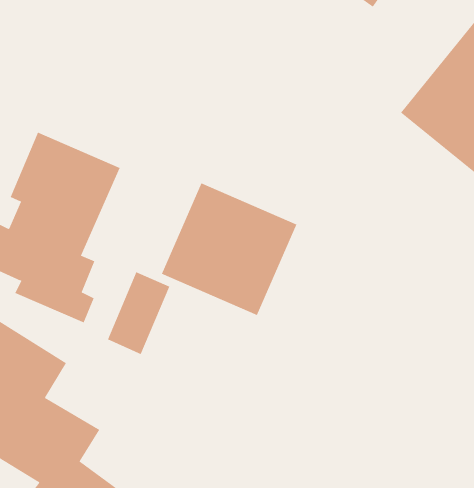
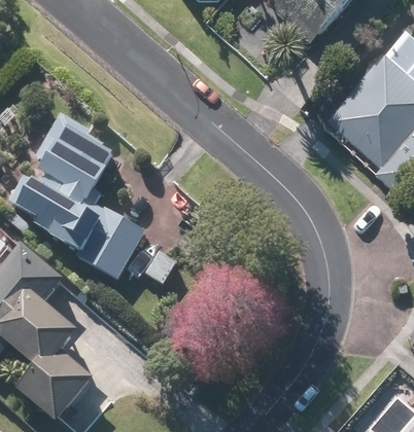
building: [161,182,297,316] -> none

